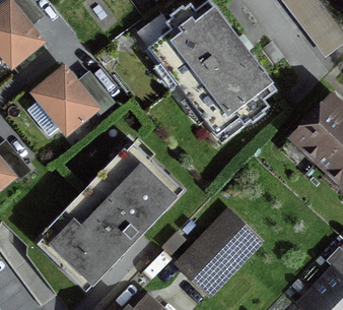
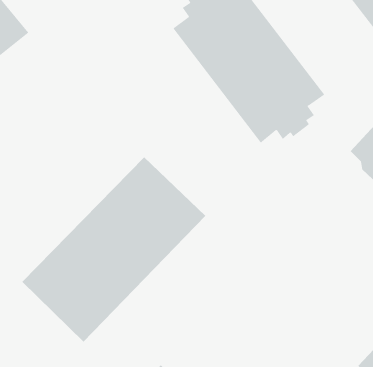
building: [30,62,98,132] -> none
building: [181,214,257,292] -> none

